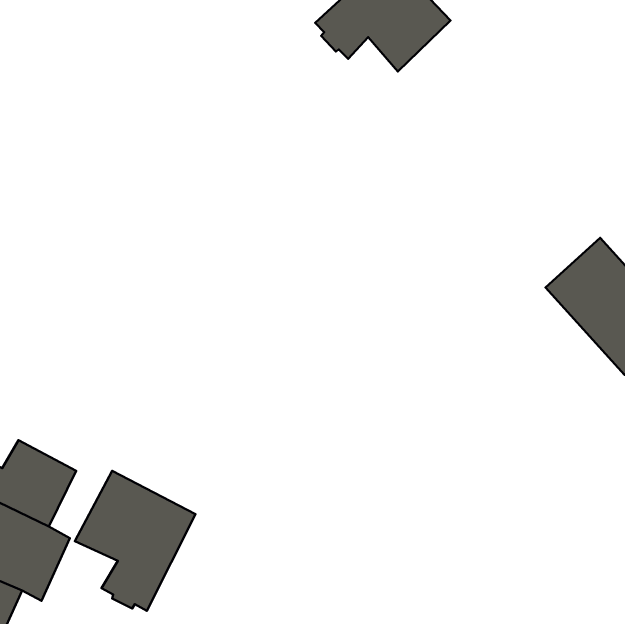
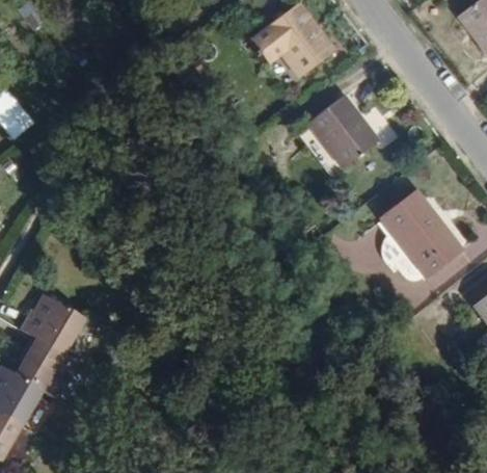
building: none -> [305,94,376,168]
building: [75,471,195,611] -> none

